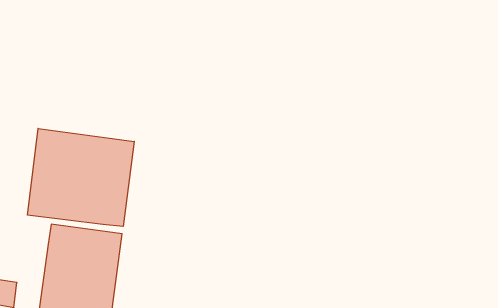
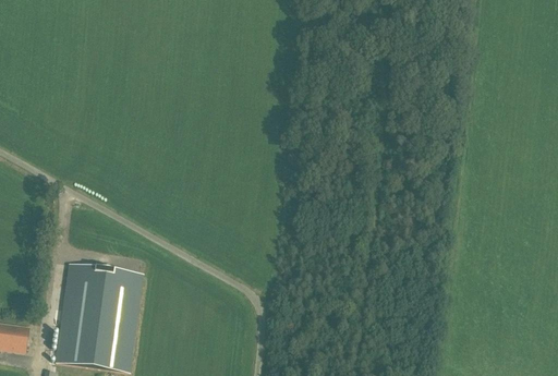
building: [28,128,134,226] -> none

